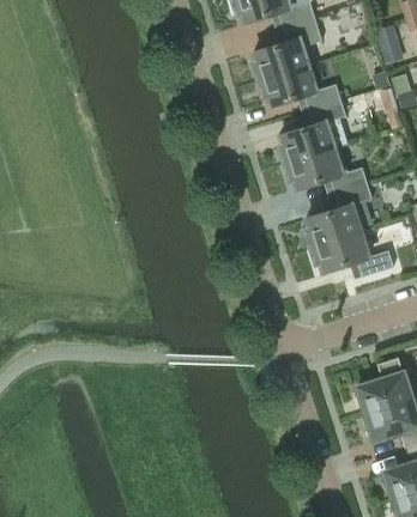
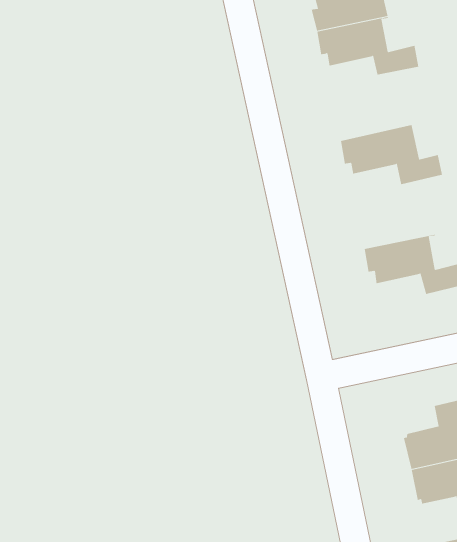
building: [278,99,348,163] -> none
building: [304,182,371,245] -> none

